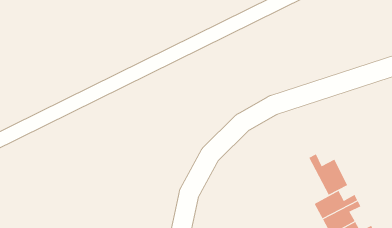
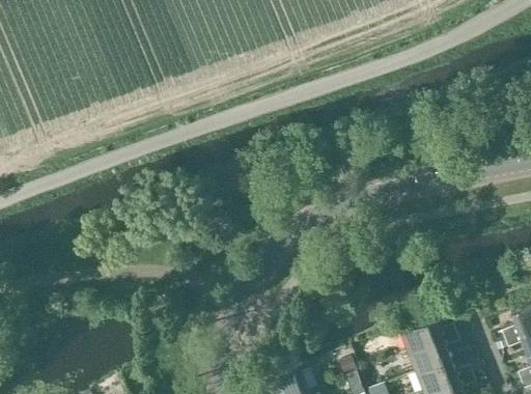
building: [309,153,348,196] -> none

